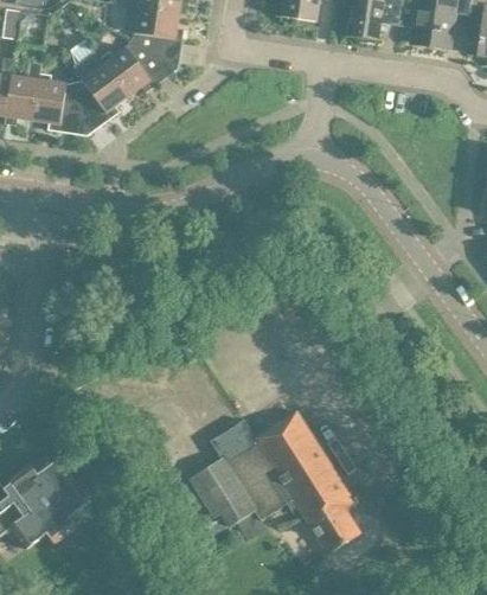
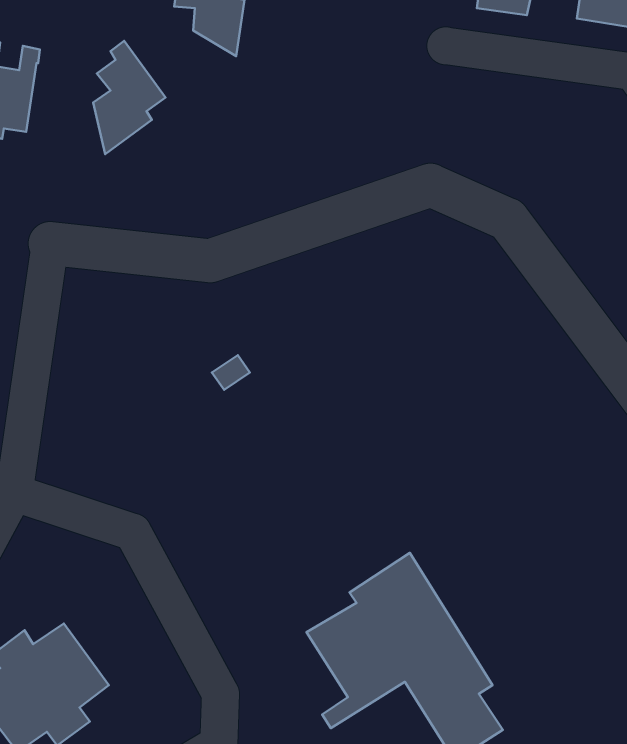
building: [100,45,177,95] -> none
building: [32,71,86,134] -> none
building: [191,418,259,525] -> none

